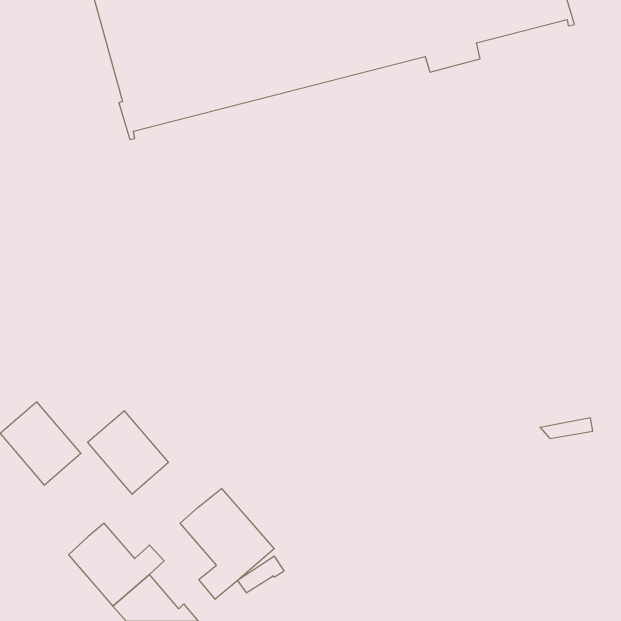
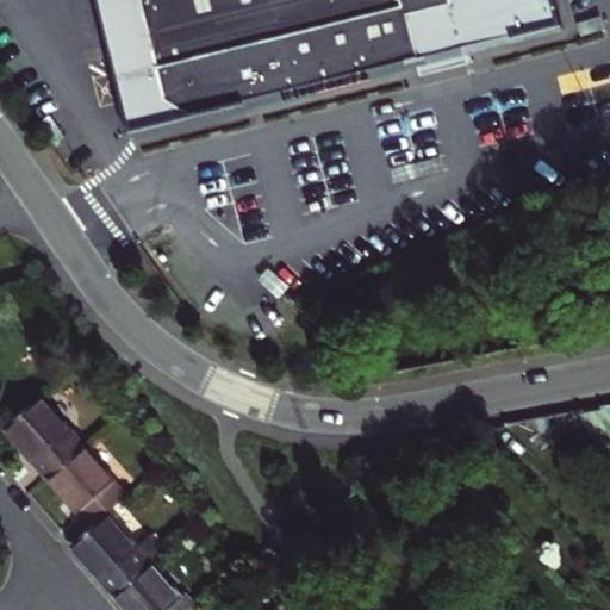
building: [88,411,168,494] -> [43,441,122,522]
building: [180,489,274,599] -> none

